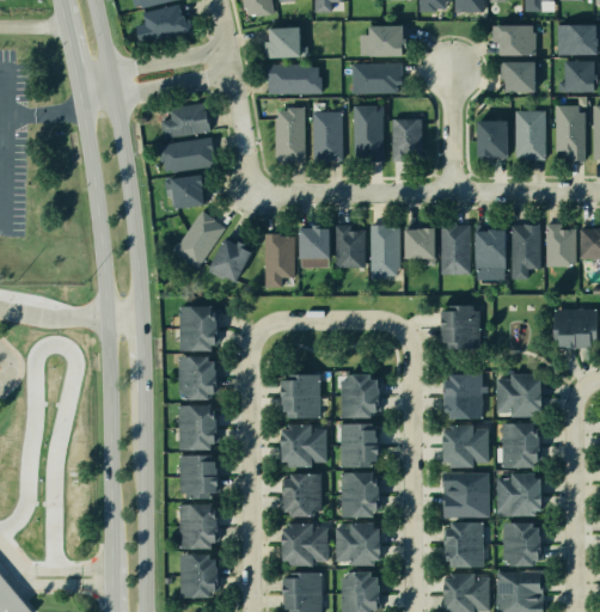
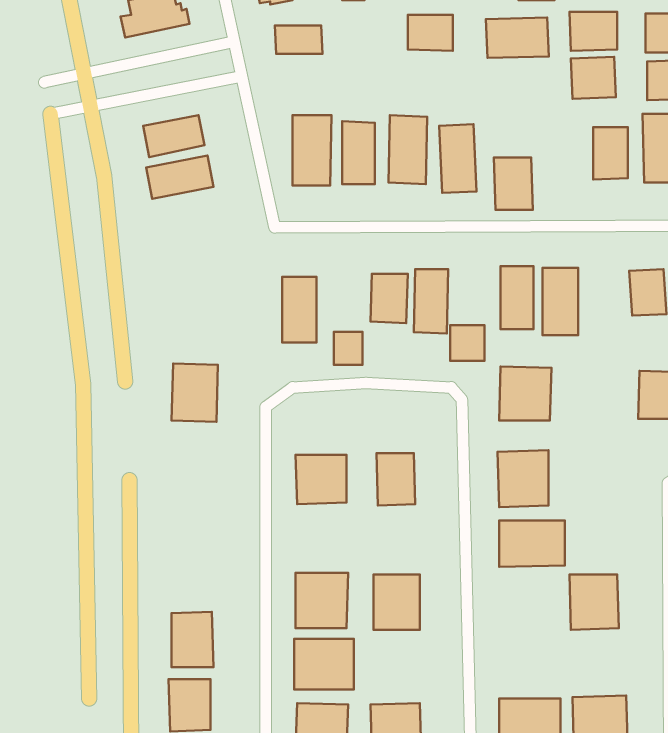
building: [354,61,404,93] -> [486,18,549,58]
building: [268,62,324,93] -> none
building: [476,116,507,158] -> [494,158,533,210]
building: [167,173,209,210] -> none
building: [177,213,227,269] -> none
building: [513,227,540,281] -> none
building: [406,228,434,257] -> [450,325,484,361]
building: [305,231,327,257] -> [334,332,362,365]
building: [210,240,255,286] -> none
building: [178,357,218,397] -> none
building: [497,375,545,415] -> none
building: [179,408,212,447] -> none
building: [502,422,541,465] -> none
building: [342,426,375,465] -> none
building: [280,428,323,465] -> none
building: [179,459,215,496] -> none
building: [441,472,486,519] -> none
building: [335,520,378,564] -> none
building: [442,525,484,567] -> none
building: [498,526,540,563] -> none

